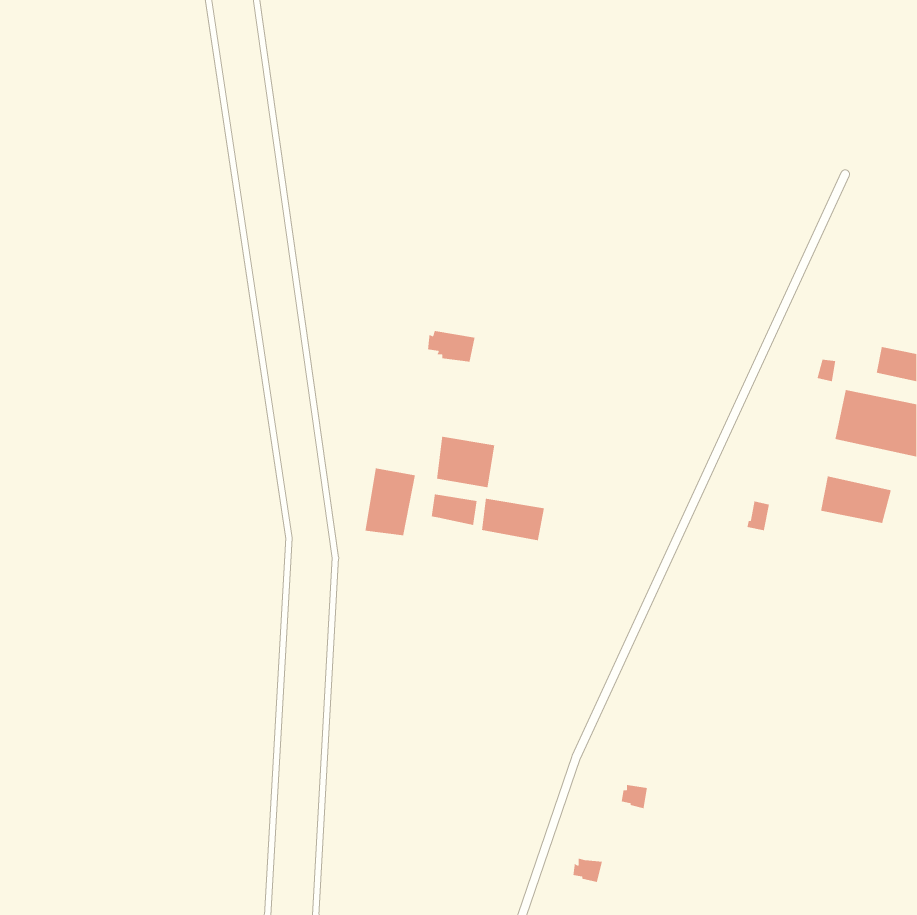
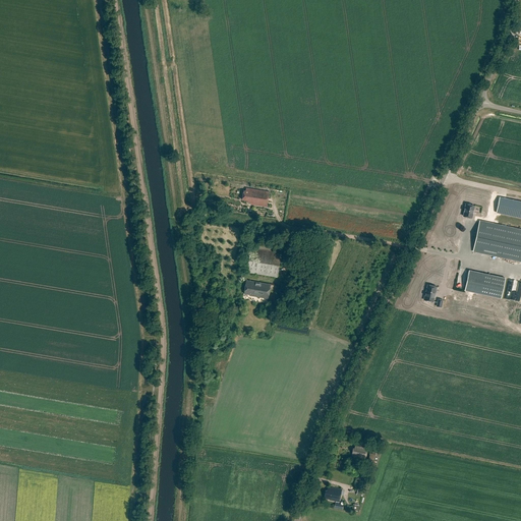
building: [364,467,416,536] -> none
building: [481,498,545,541] -> none

